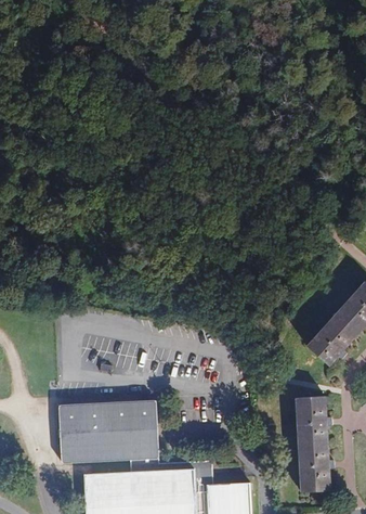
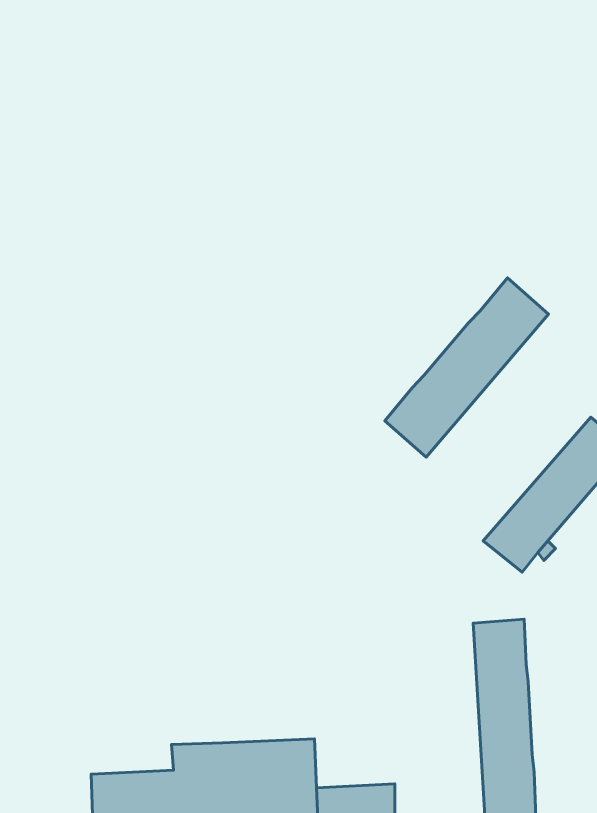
building: none -> [385,278,549,457]
building: [57,408,157,466] -> none

